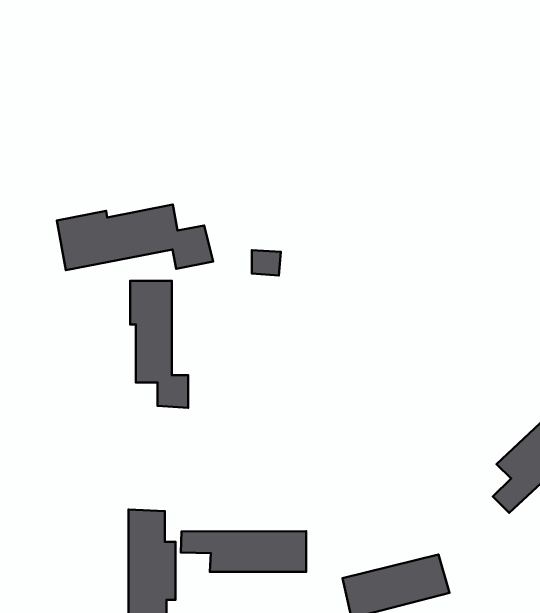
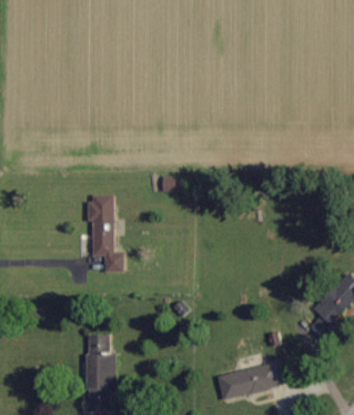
building: [57,205,213,270] -> none
building: [181,531,306,572] -> none

